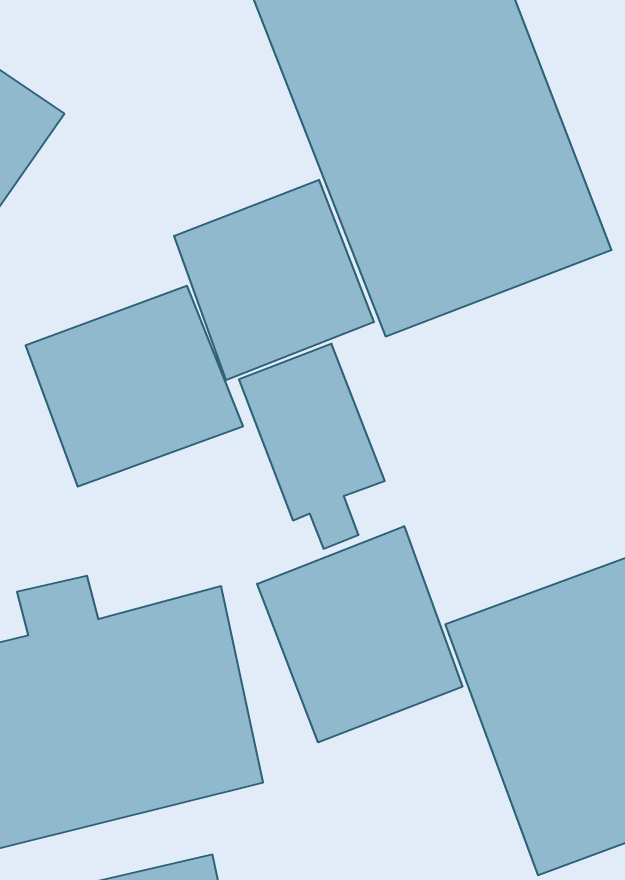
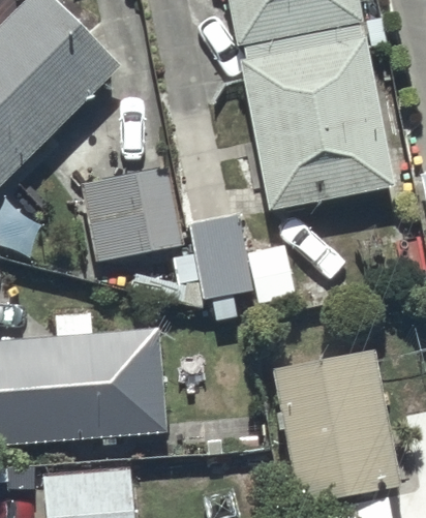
building: [174,180,374,380] -> none
building: [257,526,462,742] -> none

